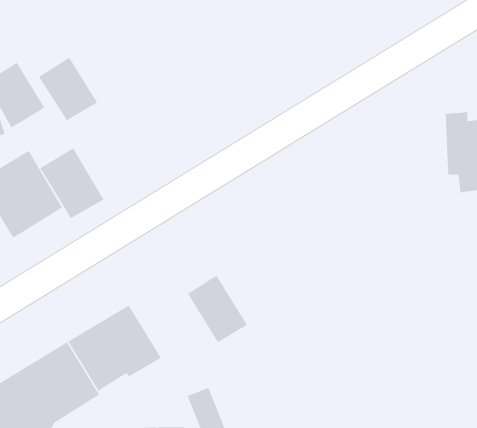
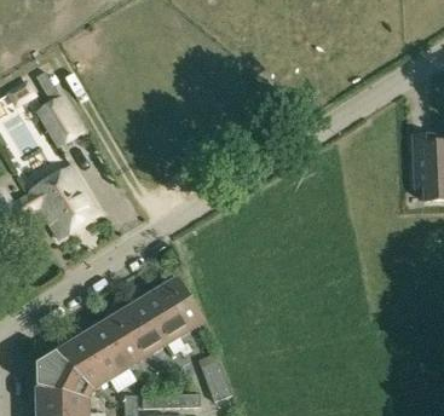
building: [38,57,98,121] -> none
building: [40,148,104,219] -> none
building: [187,275,248,347] -> [152,277,202,336]

